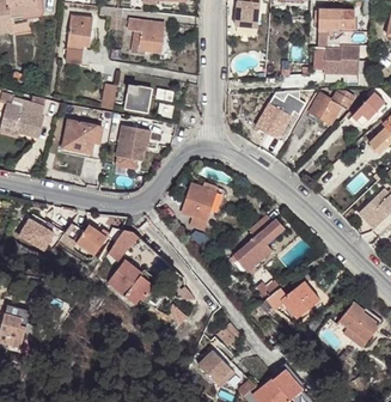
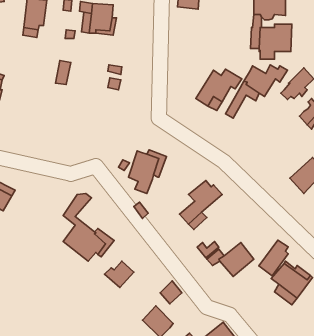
building: [124,84,152,110] -> none
building: [63,120,103,153] -> none
building: [115,123,149,169] -> none
building: [67,227,106,256] -> none
building: none -> [259,240,288,276]

